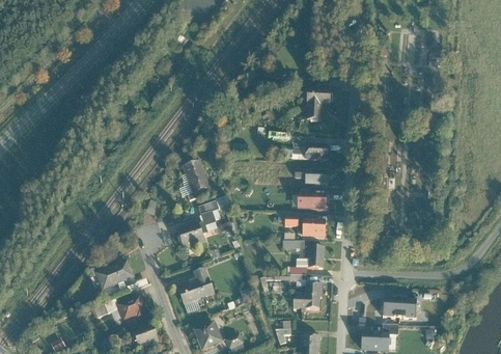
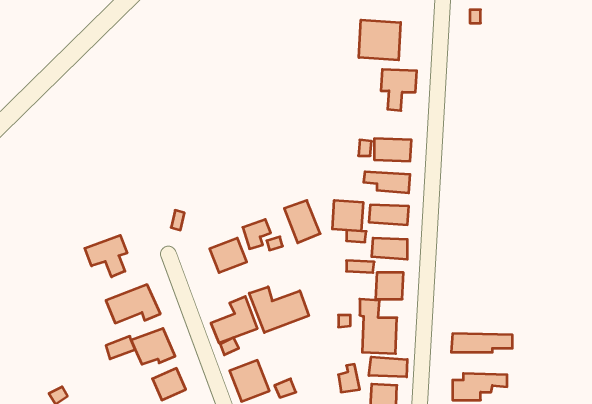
building: none -> [359,20,401,60]
building: [182,160,210,193] -> [284,200,320,243]
building: none -> [332,200,363,231]
building: none -> [85,235,127,277]
building: none -> [249,287,309,333]
building: none -> [369,357,407,377]

